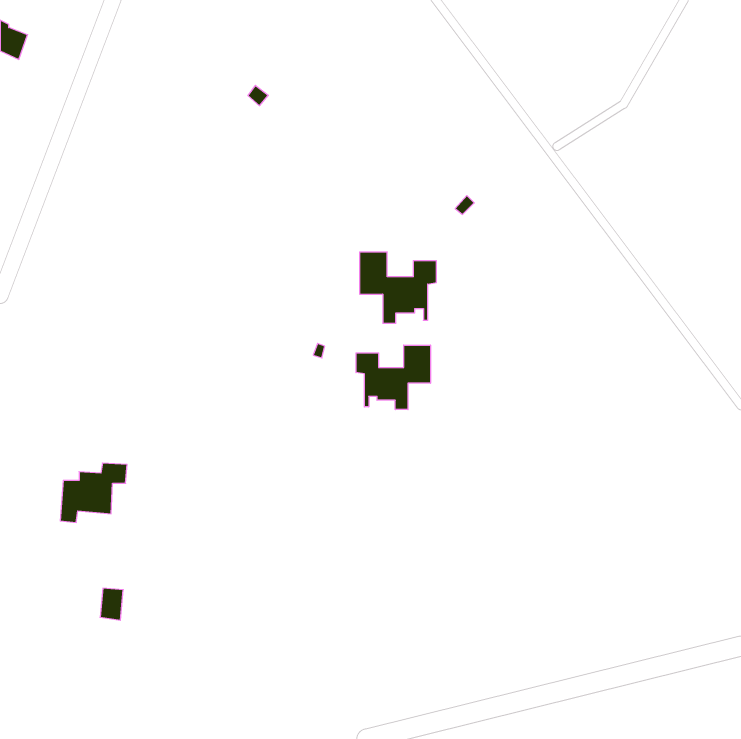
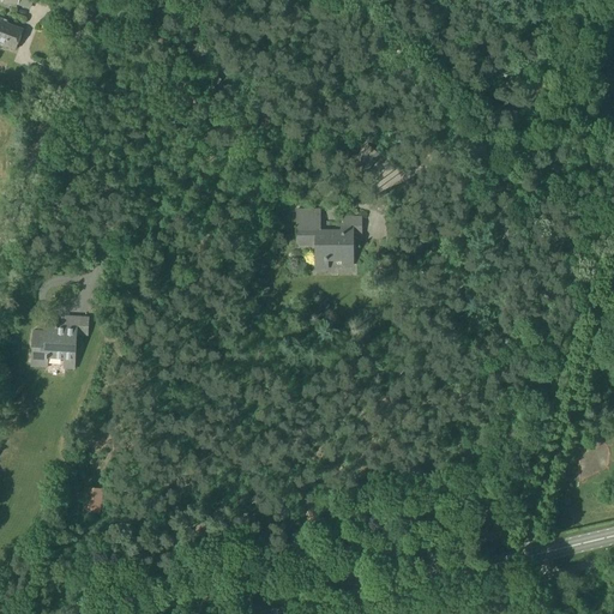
building: [356,345,430,410] -> none
building: [60,463,127,522] -> [32,317,88,366]

